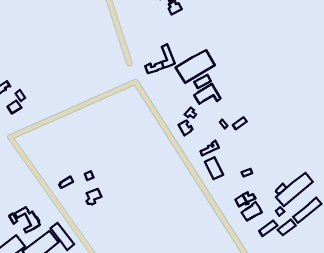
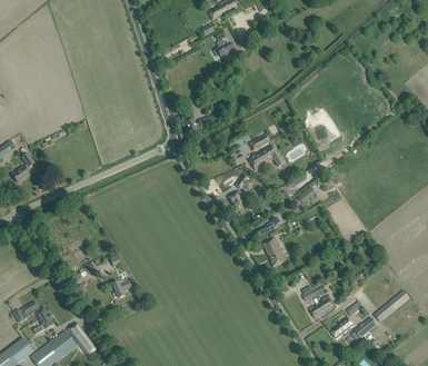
building: [176,50,215,83] -> none
building: [276,173,313,206] -> none

